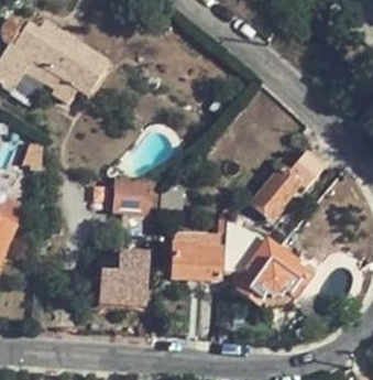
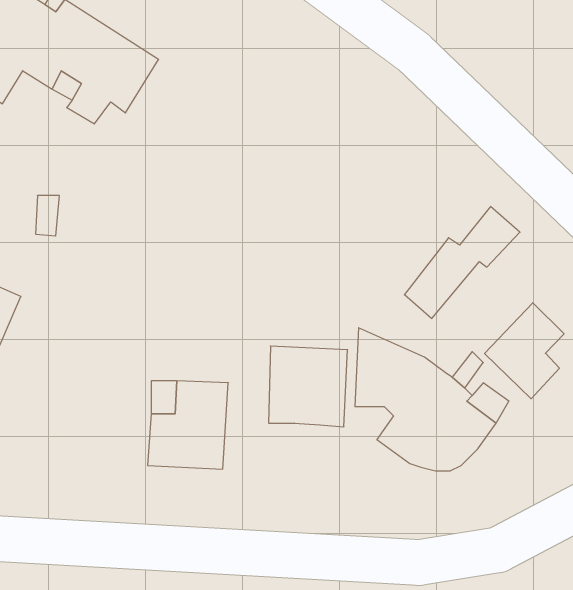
building: [116,177,157,211] -> none
building: none -> [485,303,564,399]

